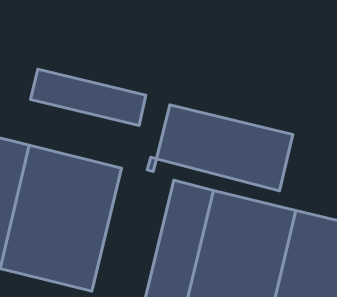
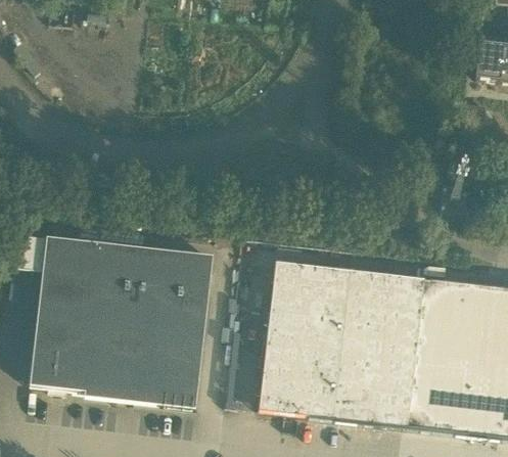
building: [30,69,146,126] -> none
building: [157,105,293,191] -> none

